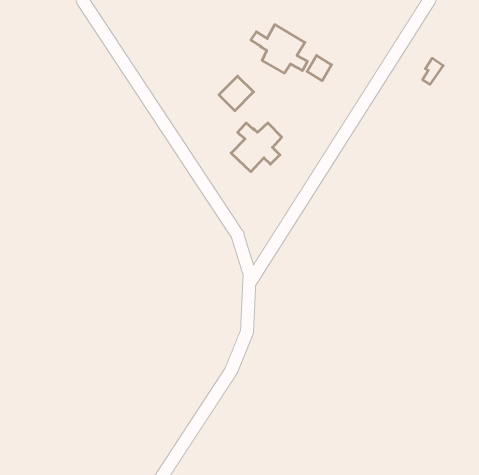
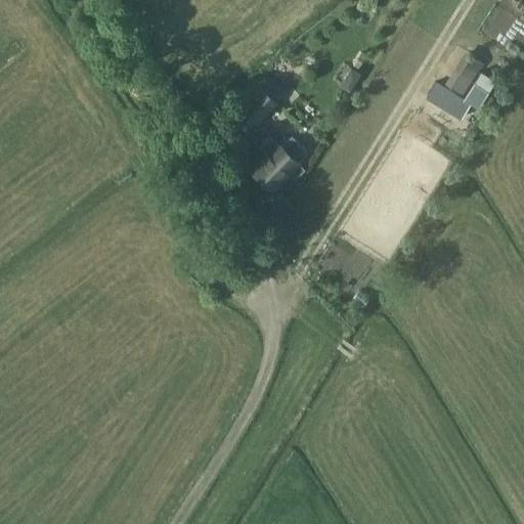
building: [251,25,307,73] -> none
building: none -> [428,78,461,114]

